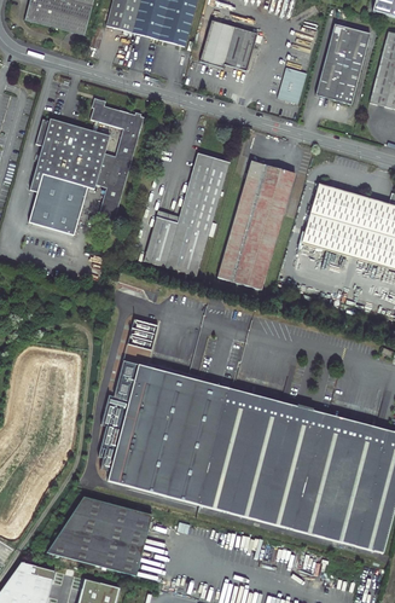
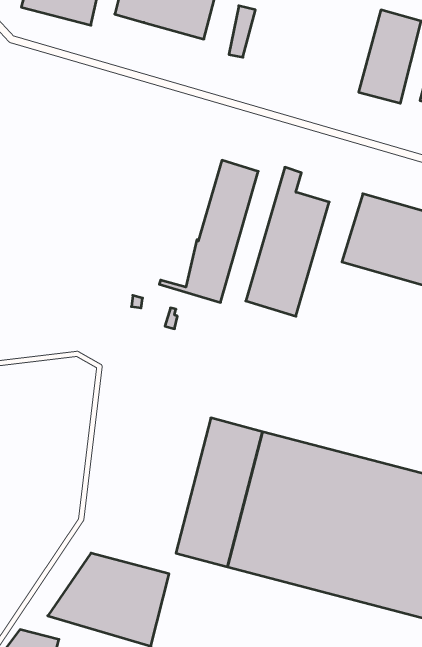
building: [215,23,262,70] -> none
building: [278,68,307,103] -> none
building: [29,95,145,233] -> none
building: [261,164,295,190] -> none
building: [144,218,175,263] -> none
building: [95,360,187,494] -> none

